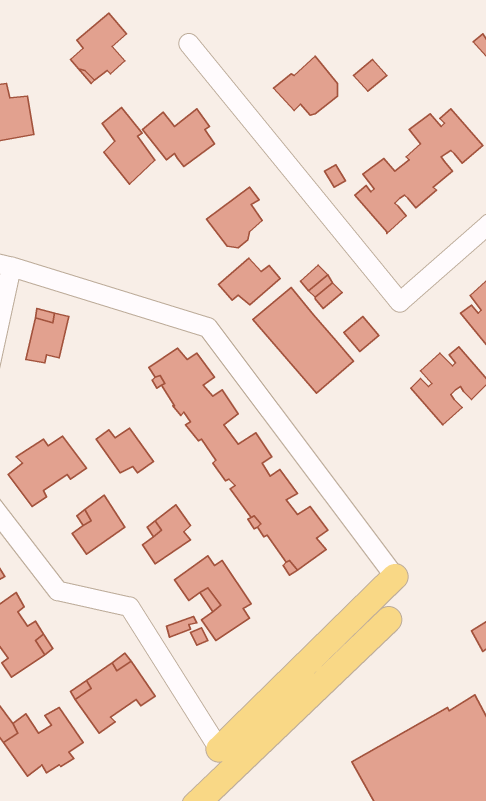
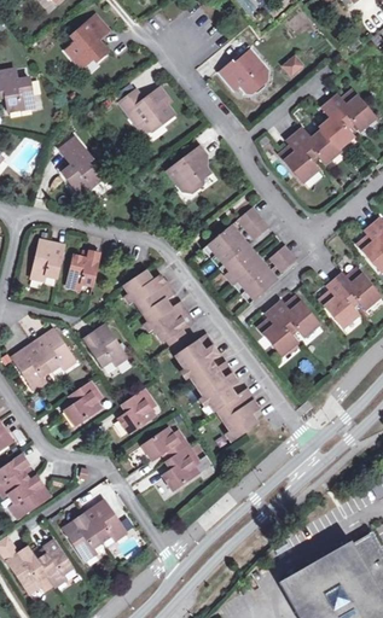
building: [102,108,155,184] -> [63,138,103,196]
building: [218,258,280,305] -> none
building: none -> [65,251,99,288]
building: none -> [260,296,321,356]

